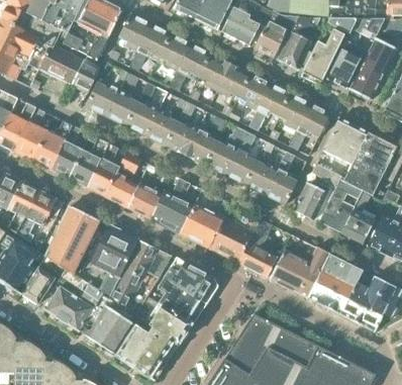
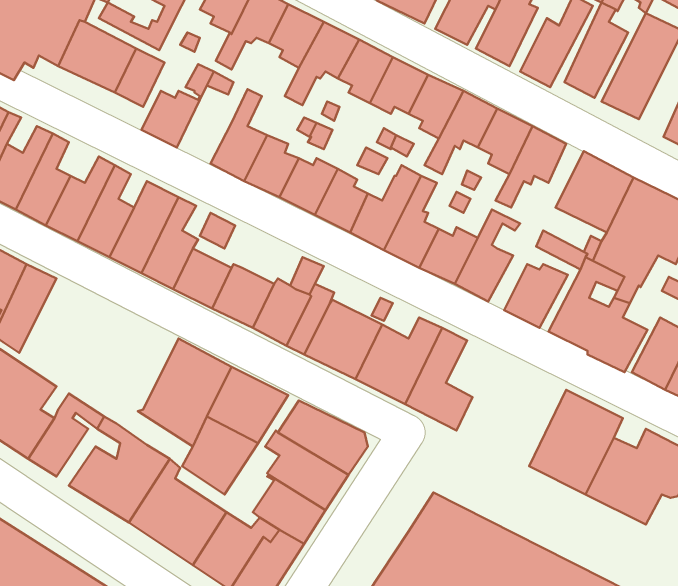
building: [107,88,138,124] -> none
building: [17,190,60,240] -> none
building: [45,206,99,273] -> none
building: [270,248,329,297] -> none

